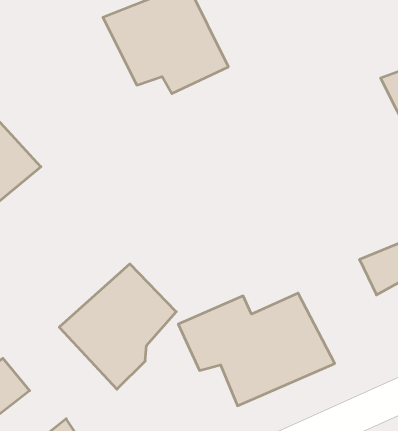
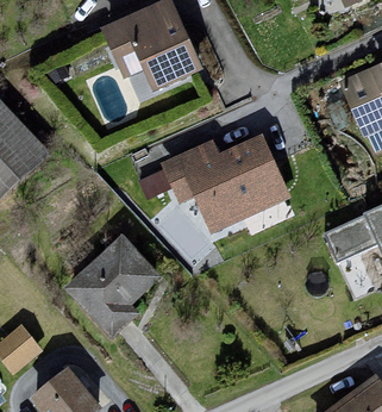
building: [178,293,335,406] -> [157,136,289,231]

